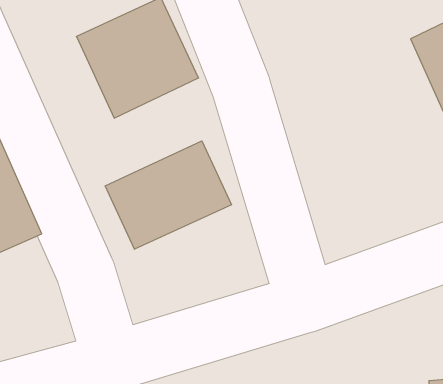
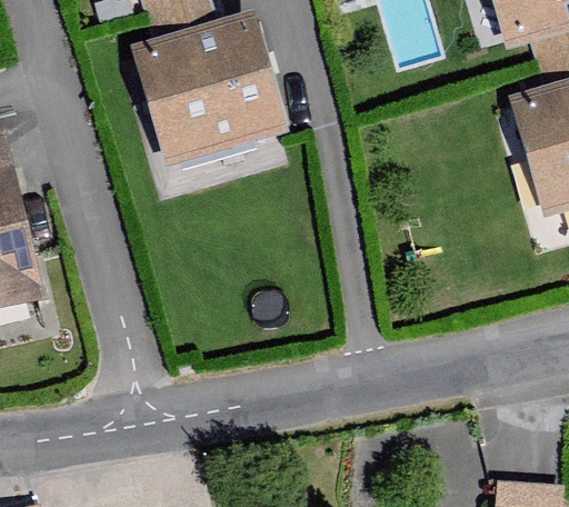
building: [105,141,232,249] -> none

